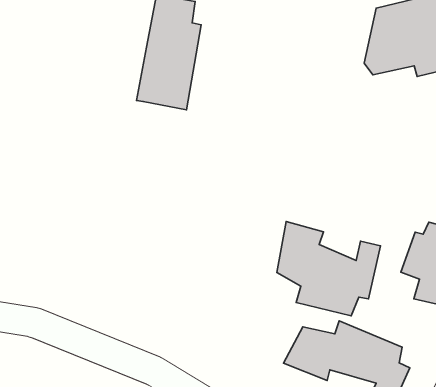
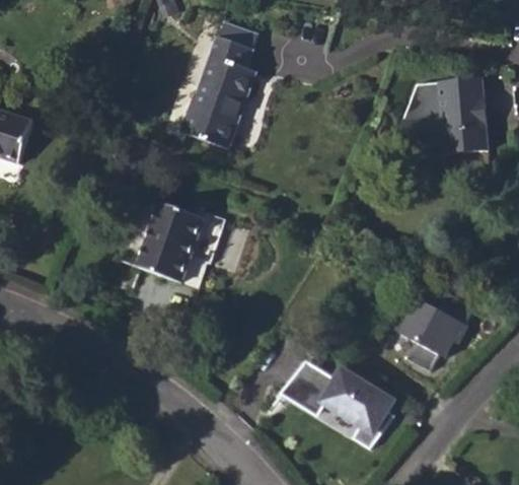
building: none -> [136,202,233,280]
building: [277,222,380,316] -> none

